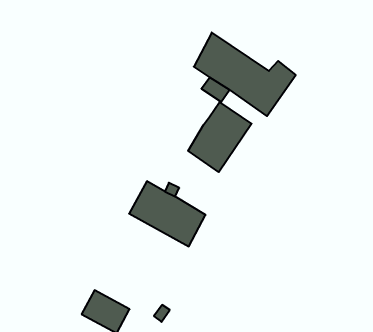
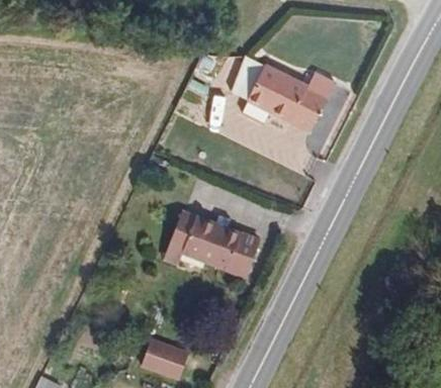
building: [188,102,252,172] -> none

